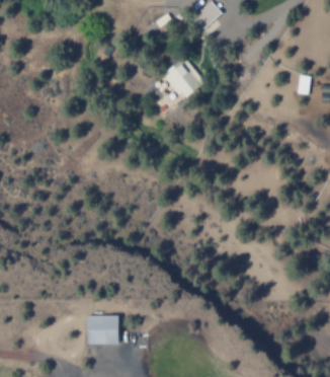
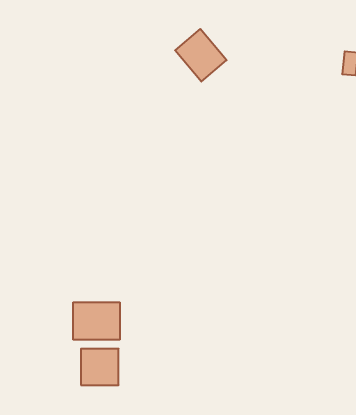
building: none -> [73,302,120,340]

